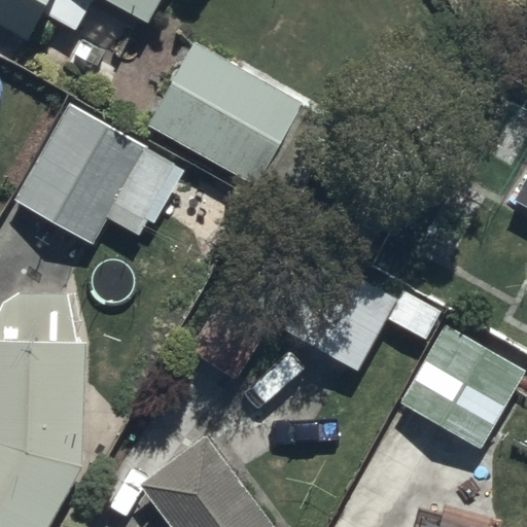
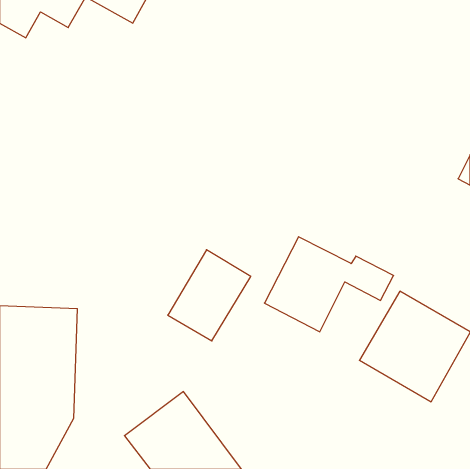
building: [147,42,304,187] -> none
building: [11,102,178,245] -> none

